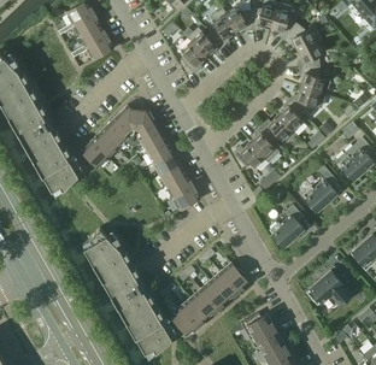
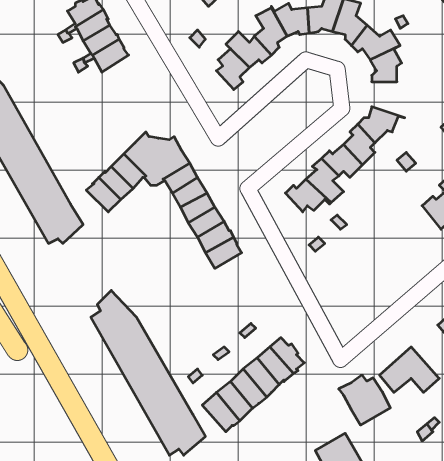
building: [300,67,330,95] -> none
building: [302,166,337,213] -> none
building: [269,205,304,247] -> none
building: [240,312,280,351] -> [339,375,390,425]

